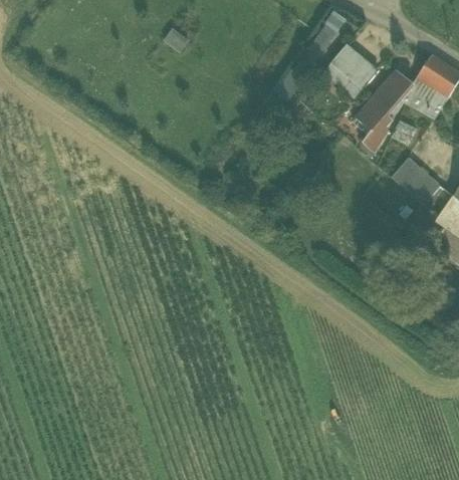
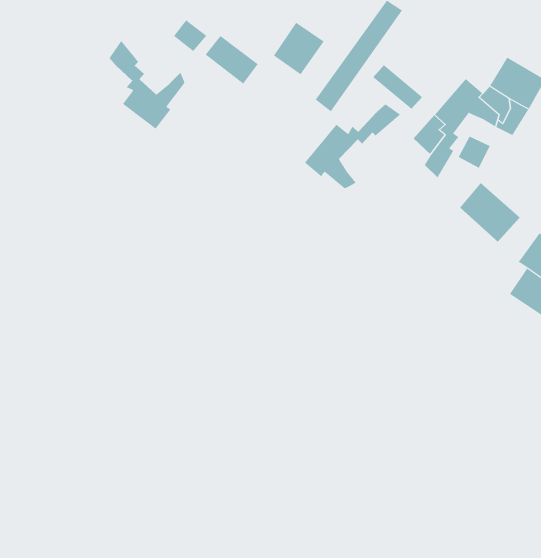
building: none -> [273,22,324,75]
building: none -> [205,35,258,84]
building: none -> [109,40,185,129]
building: [331,41,379,86] -> none
building: none -> [304,104,401,189]

